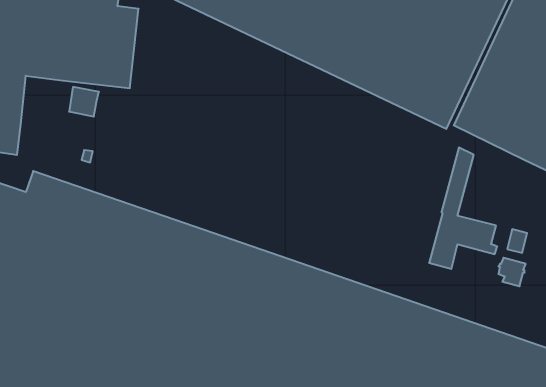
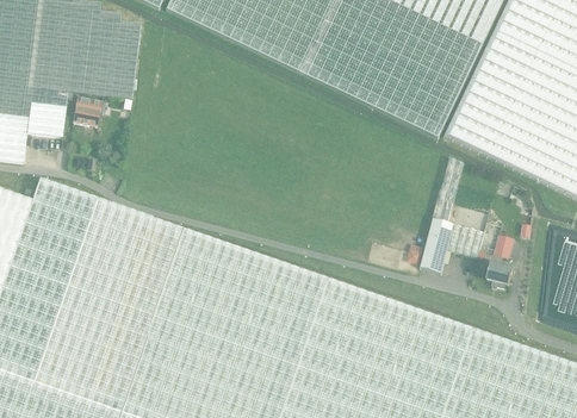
building: none -> [27,87,68,137]

